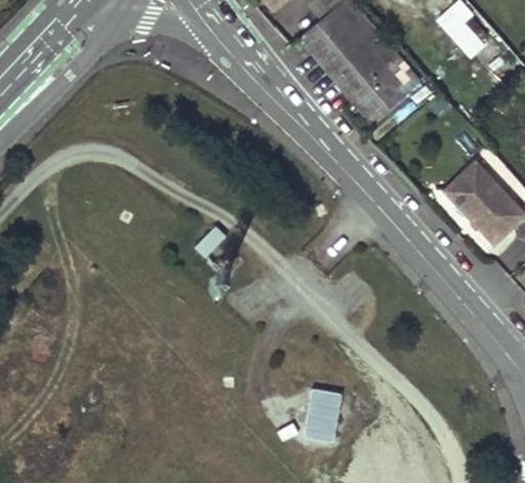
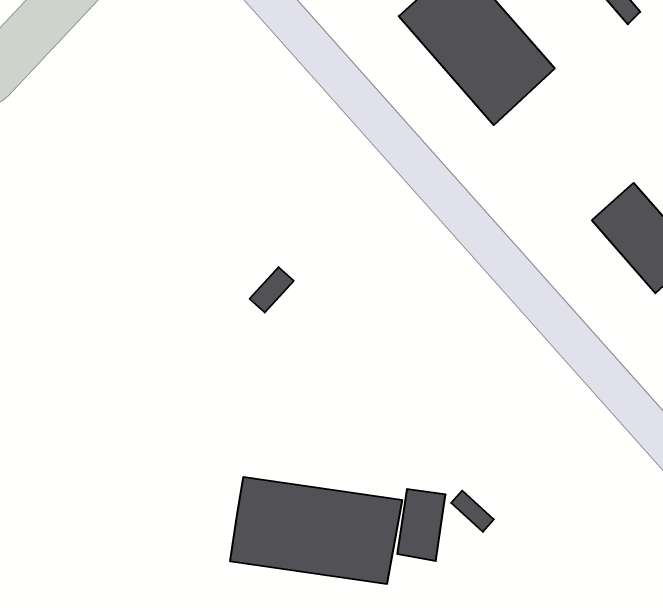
building: none -> [230,477,402,584]

